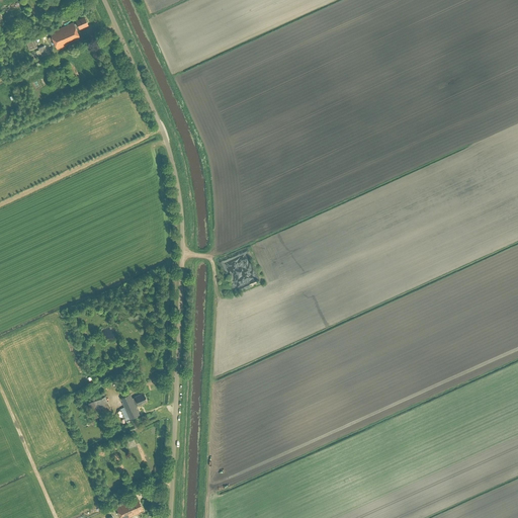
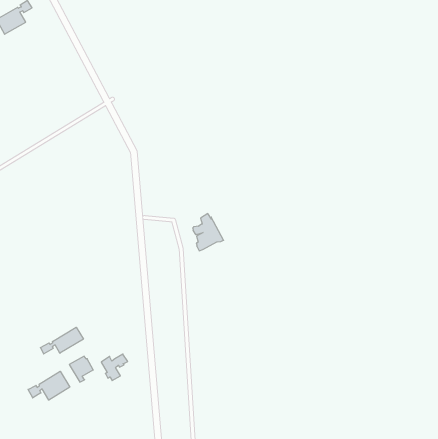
building: none -> [40,327,83,354]
building: none -> [28,371,70,400]

